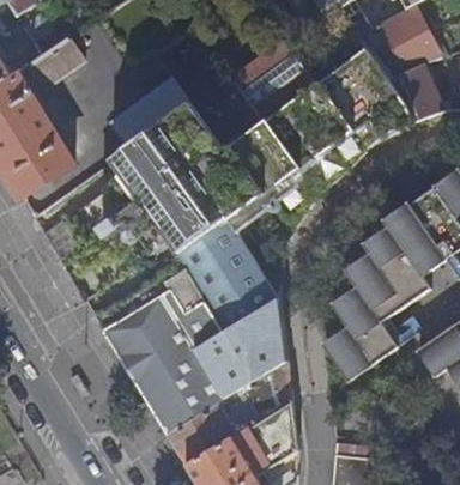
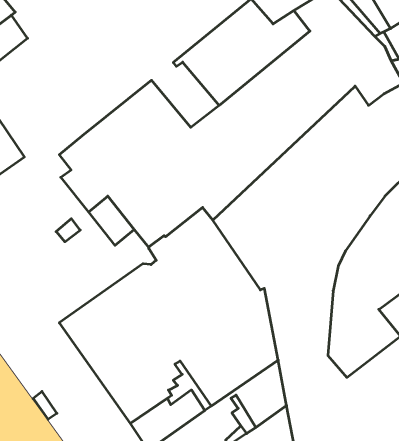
building: [109,79,190,150] -> none

